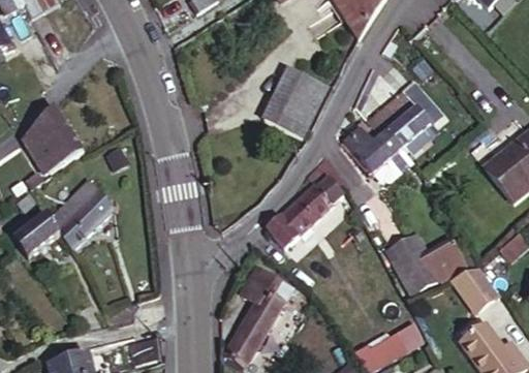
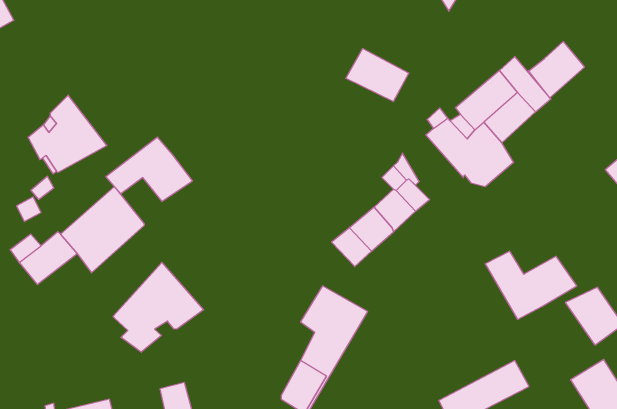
building: none -> [529,42,584,98]
building: [262,94,315,138] -> none
building: none -> [106,137,192,201]
building: none -> [113,262,204,352]

